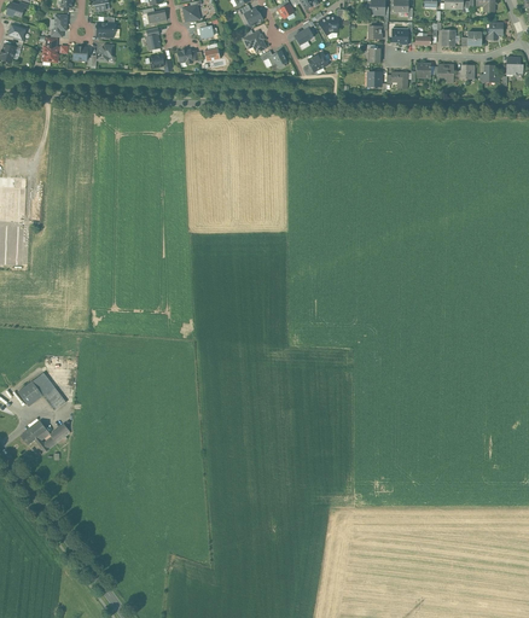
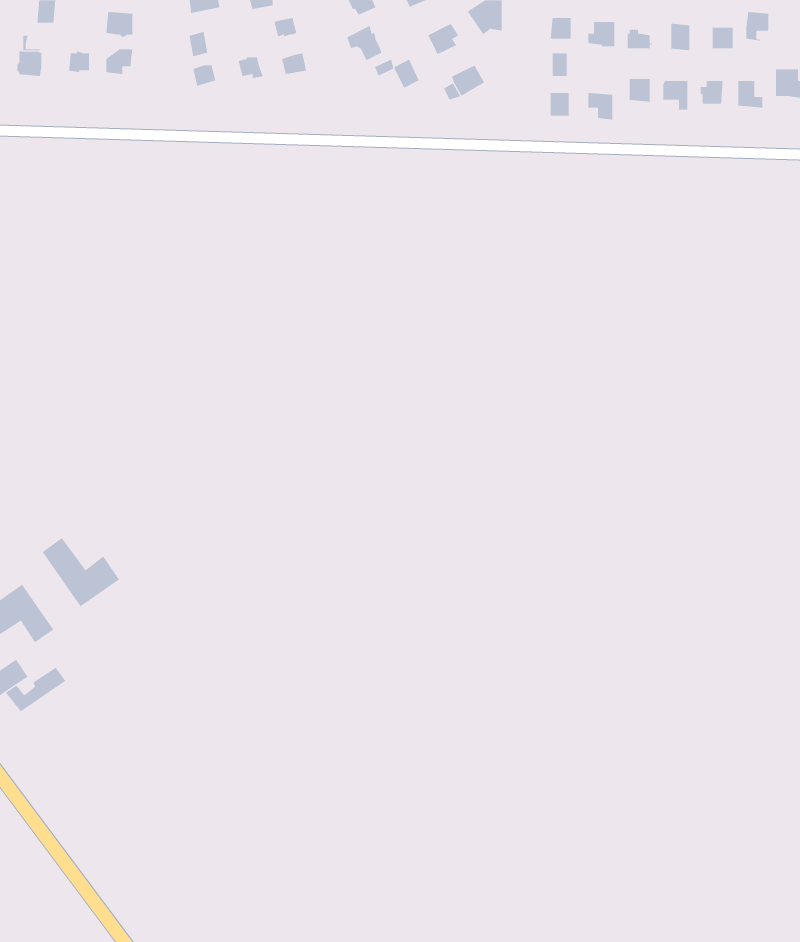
building: none -> [42,537,120,607]

